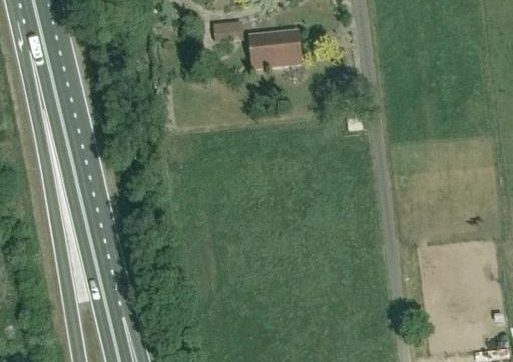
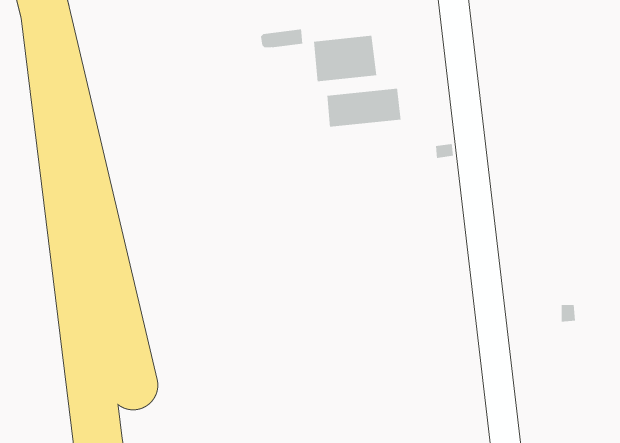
building: none -> [327,88,401,128]

